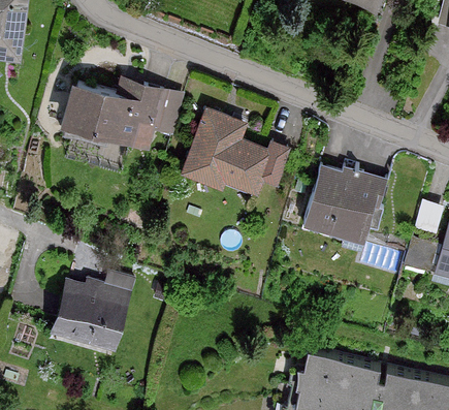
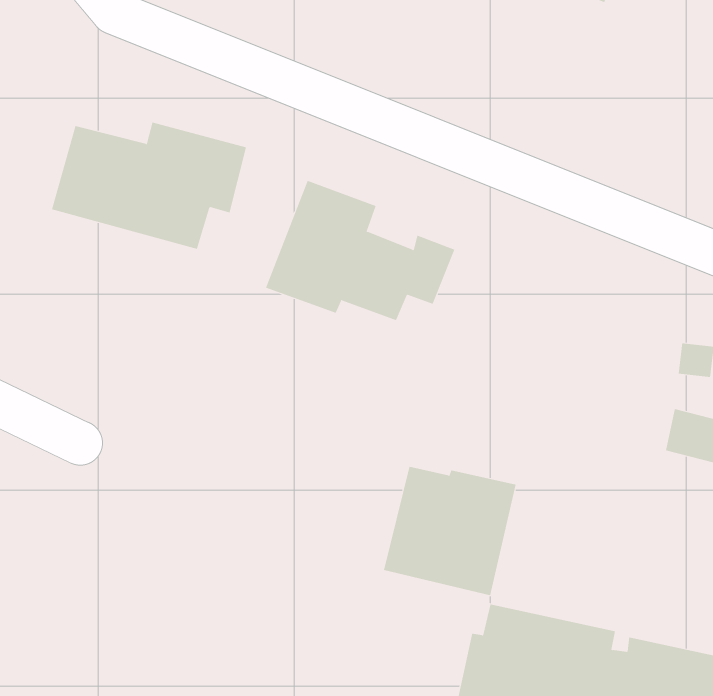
building: [308,166,383,240] -> [383,466,517,596]
building: [55,274,135,350] -> none

